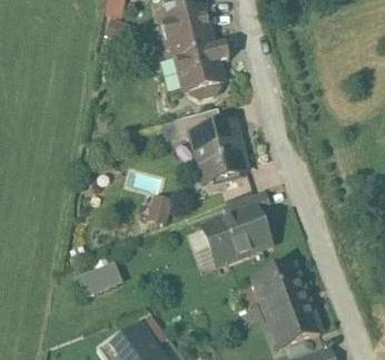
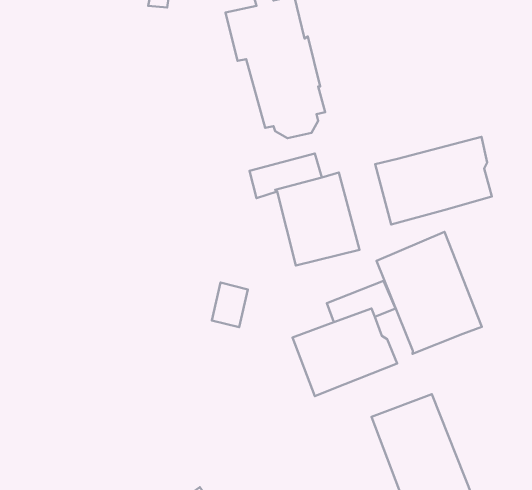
building: none -> [375,137,492,224]
building: none -> [376,232,482,354]
building: [77,262,121,296] -> none

